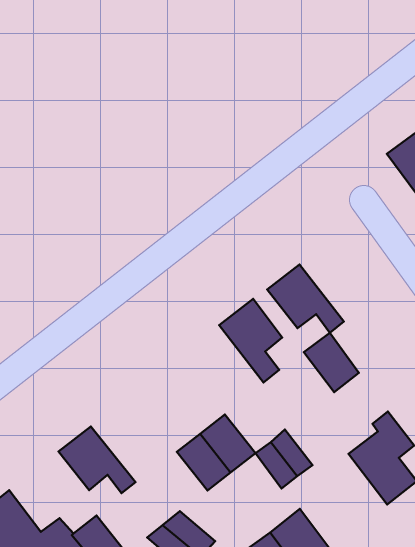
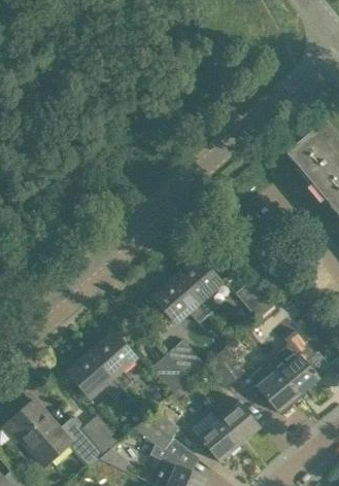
building: [267,264,344,333] -> [154,278,208,324]
building: none -> [90,334,134,390]
building: none -> [250,362,299,415]

